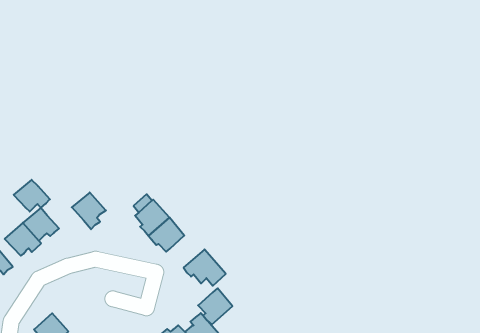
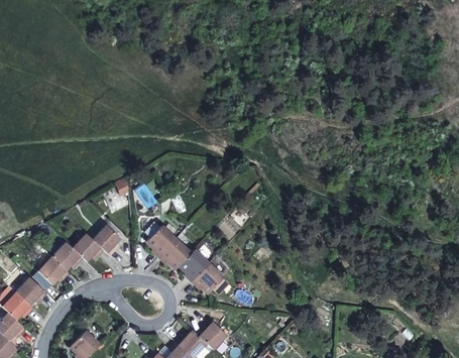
building: [14,180,50,212] -> [73,233,104,260]
building: [198,288,232,325] -> [180,249,209,280]

